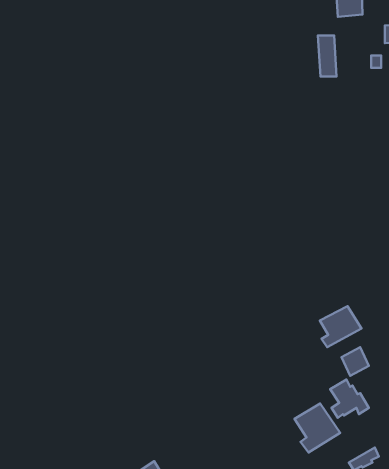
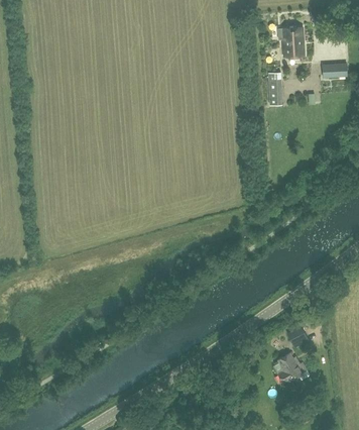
building: [320,306,362,347] -> none
building: [294,404,340,452] -> none

